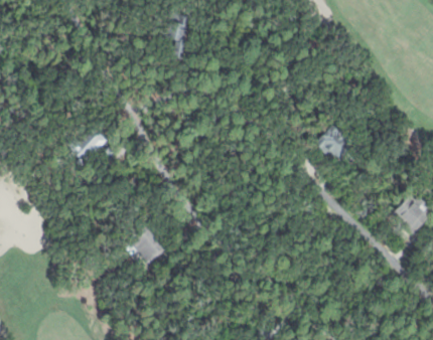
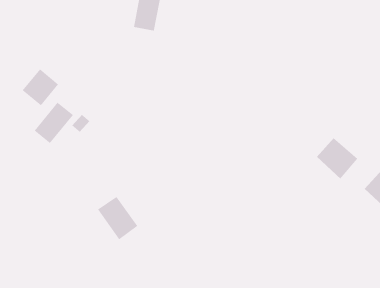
building: none -> [22,69,59,106]
building: [314,122,355,163] -> [316,137,358,179]

